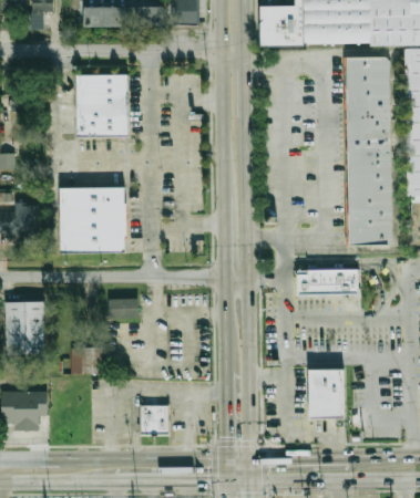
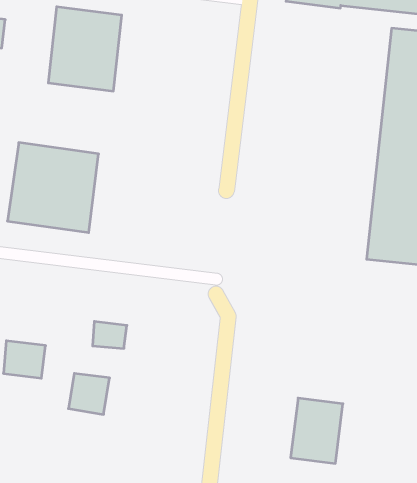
building: [293,269,355,293] -> none
building: [107,298,134,318] -> [93,321,127,348]
building: [140,405,170,435] -> [68,373,110,414]

